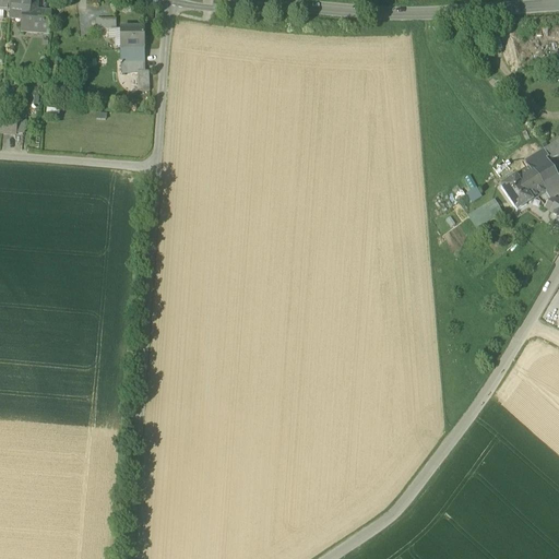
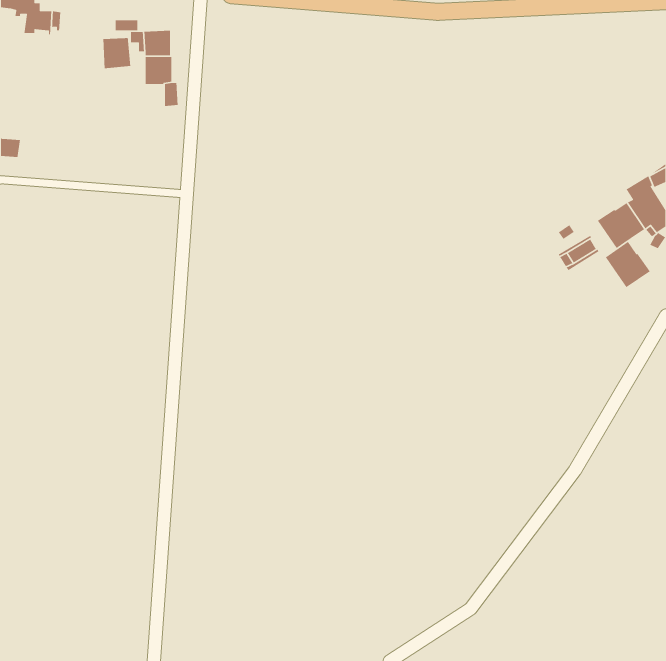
building: none -> [103,37,131,69]
building: none -> [605,241,651,288]

